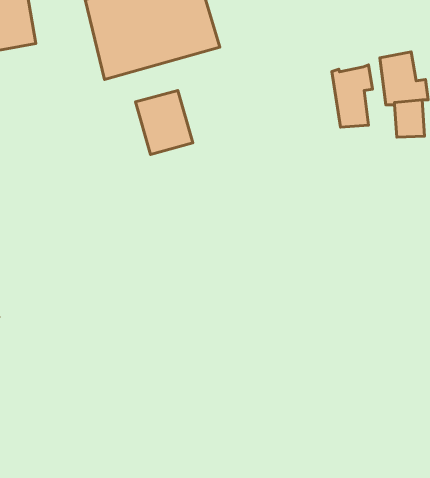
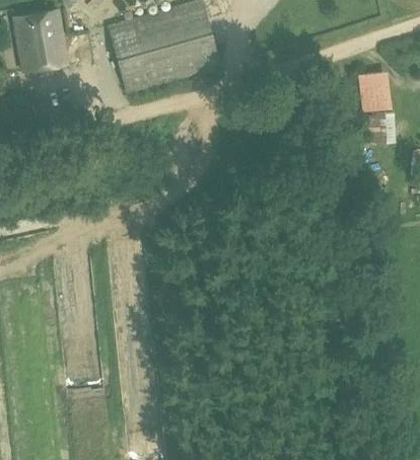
building: [332,65,372,127] -> none
building: [136,90,193,154] -> none

